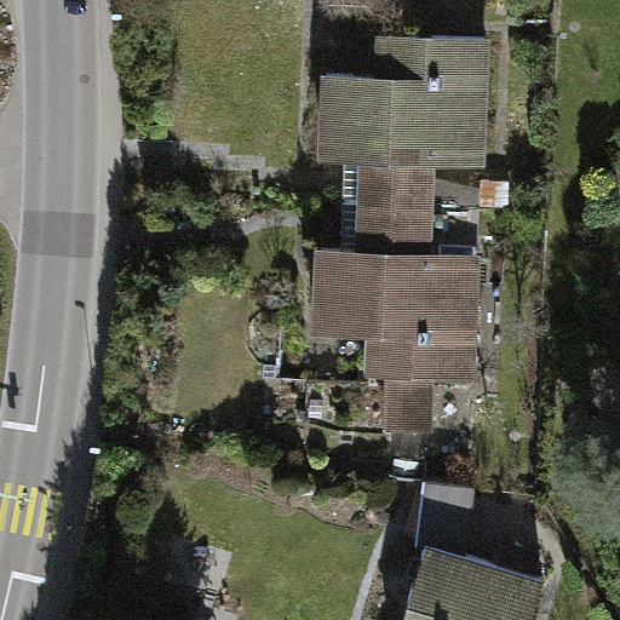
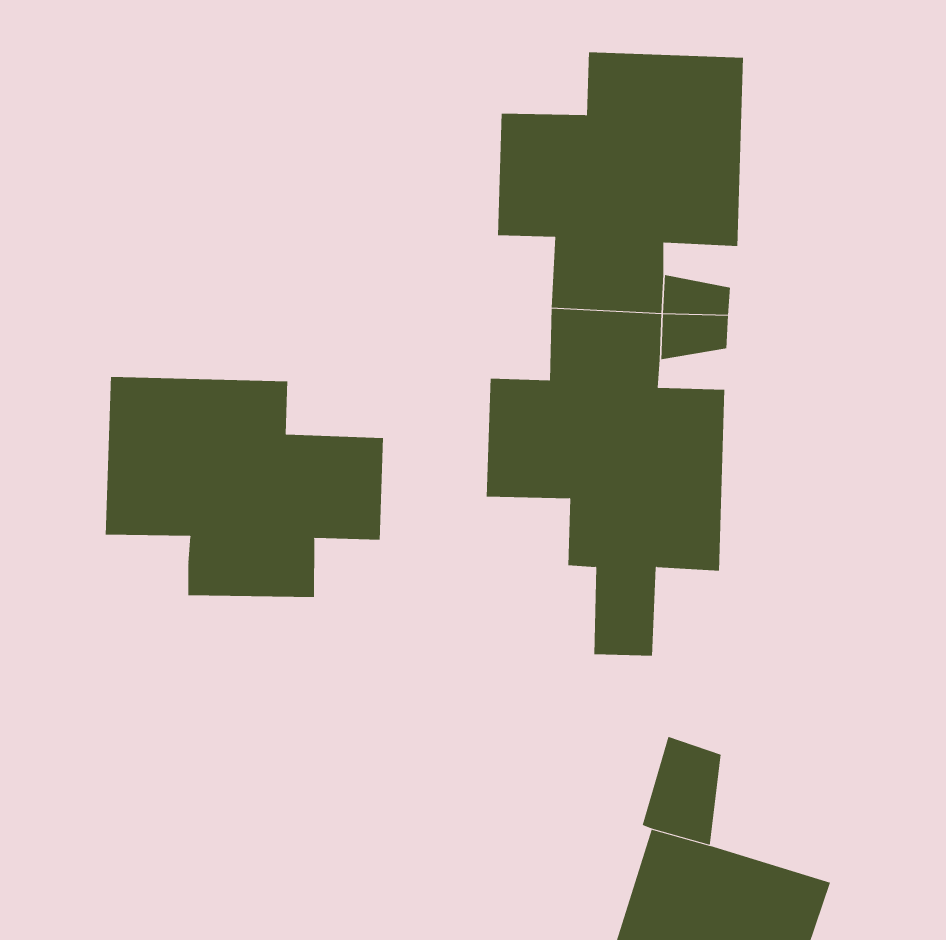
building: none -> [105,376,383,598]

